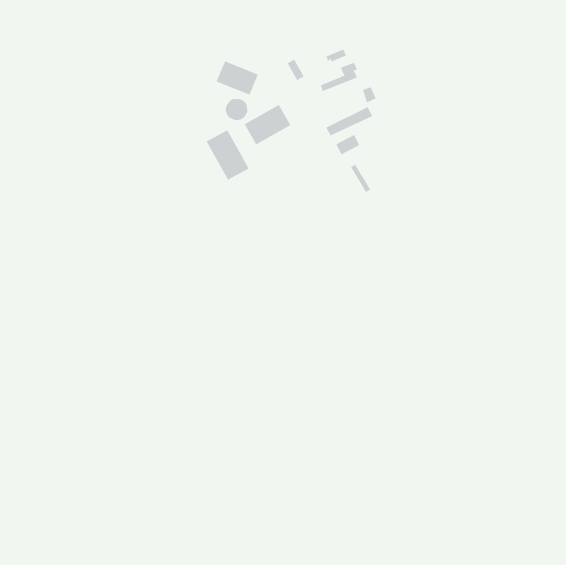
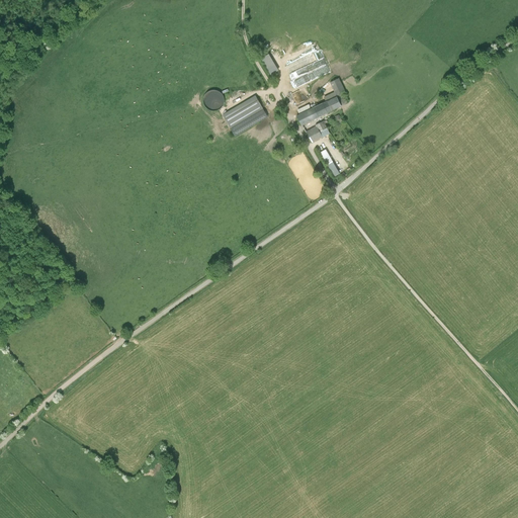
building: [216,61,258,95] -> none
building: [206,130,250,181] -> none

